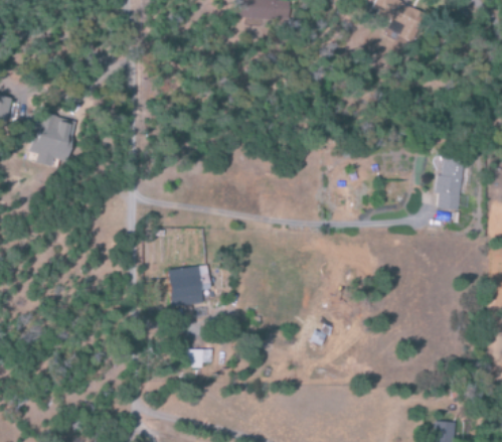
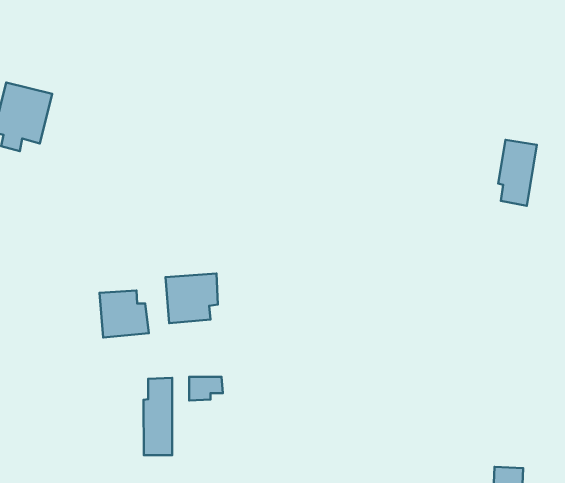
building: none -> [100,290,149,337]
building: none -> [144,378,172,455]

